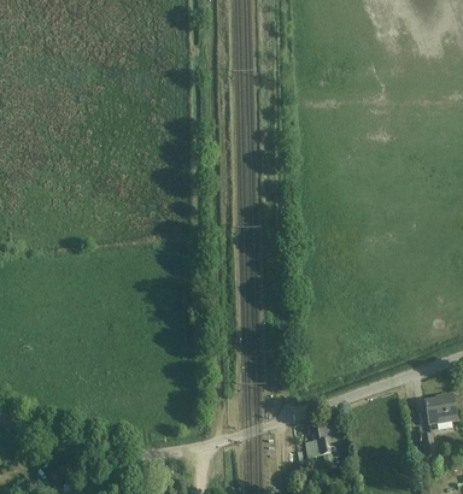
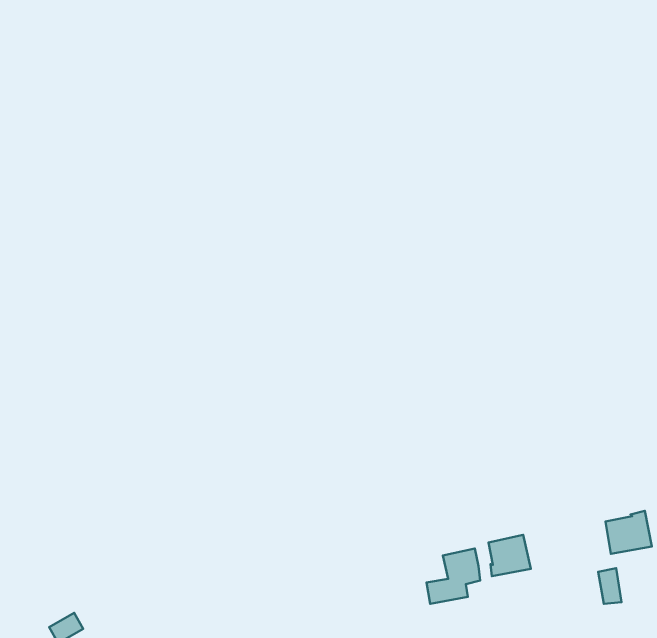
building: none -> [489,535,531,576]

